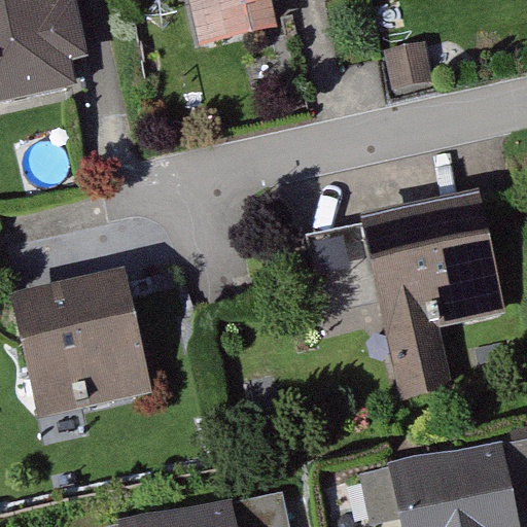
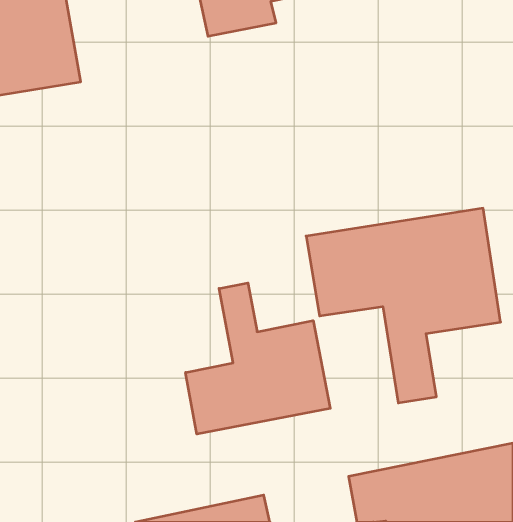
building: [39,279,162,415] -> none
building: none -> [186,283,330,434]

